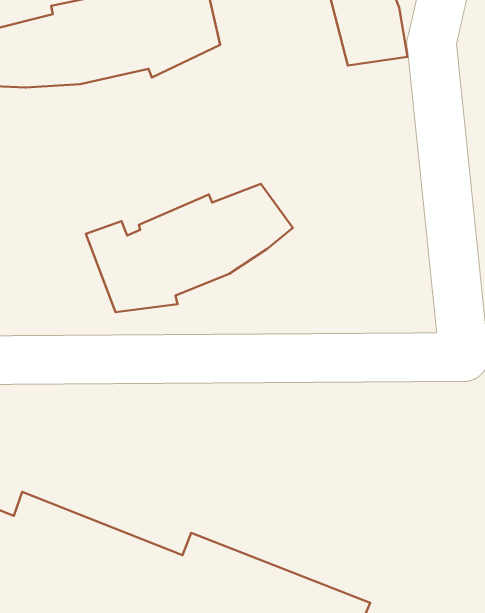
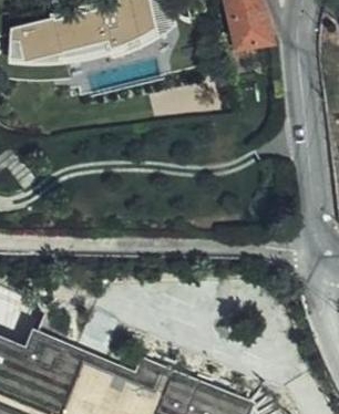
building: [86,184,293,312] -> none

